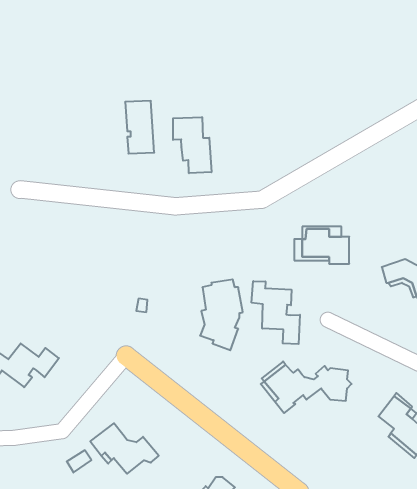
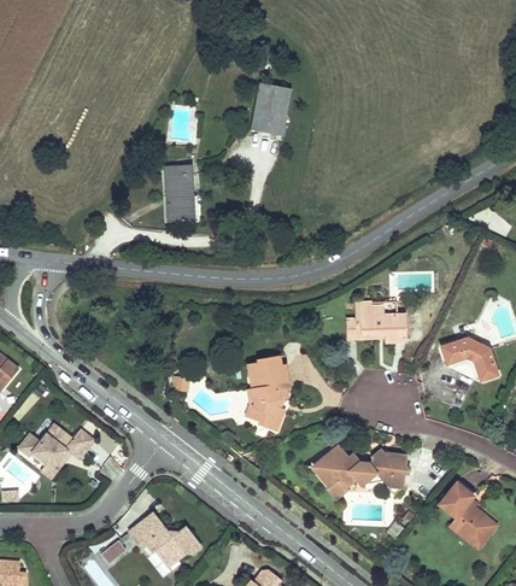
building: none -> [252,83,291,135]
building: [173,117,211,173] -> none
building: [252,281,300,344] -> none

